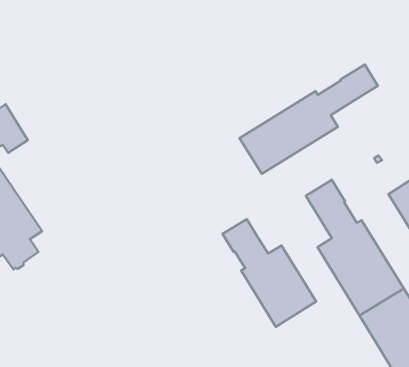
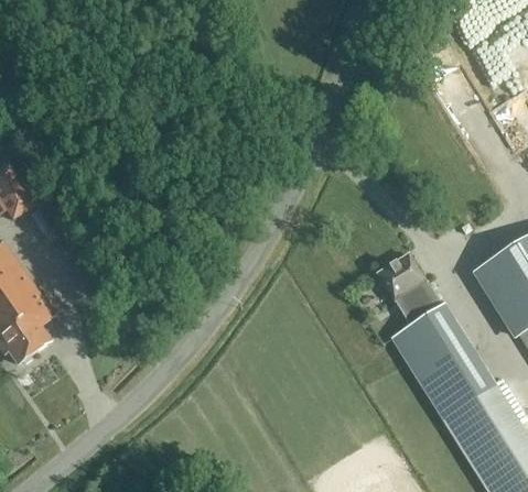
building: [239,65,378,174] -> none
building: [223,219,316,327] -> none

